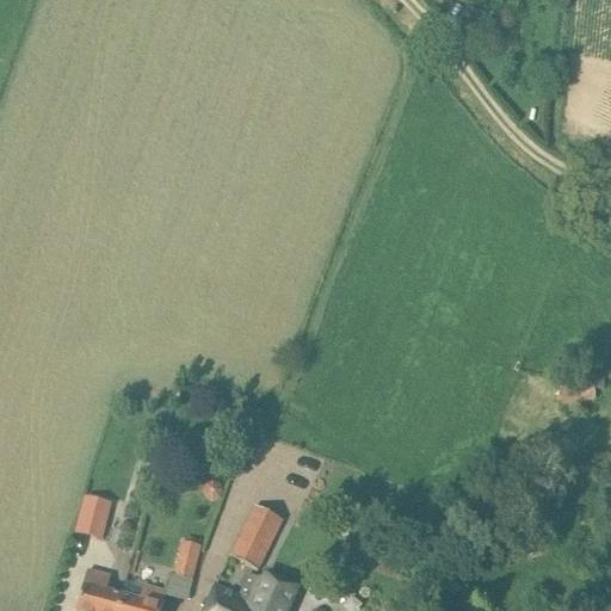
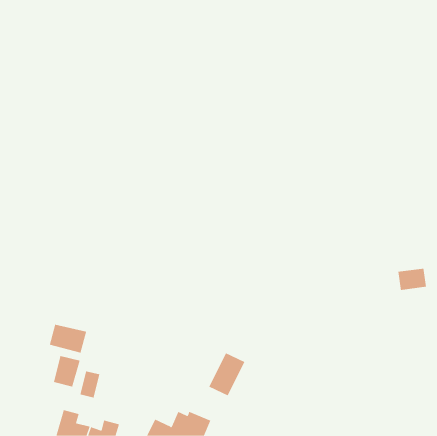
building: none -> [49,324,87,353]
building: [232,507,283,568] -> [208,352,245,396]
building: [173,541,202,579] -> [80,371,100,398]

